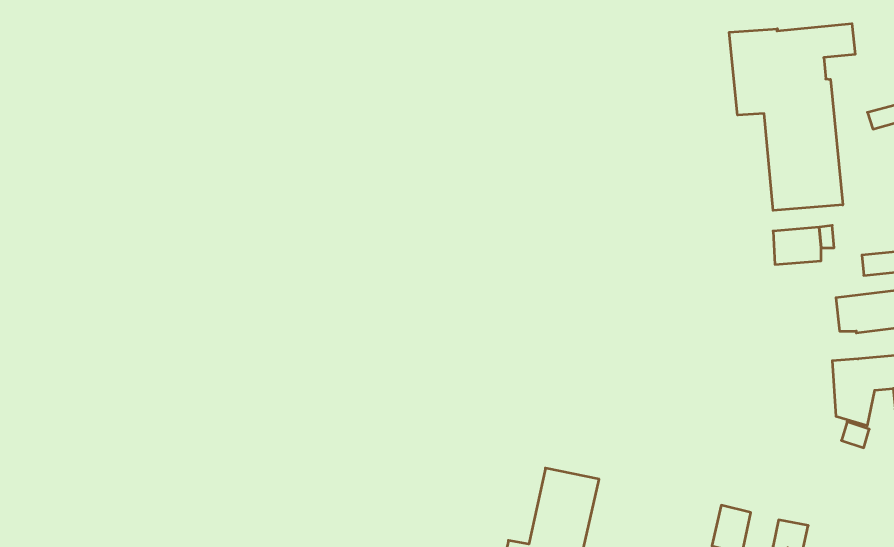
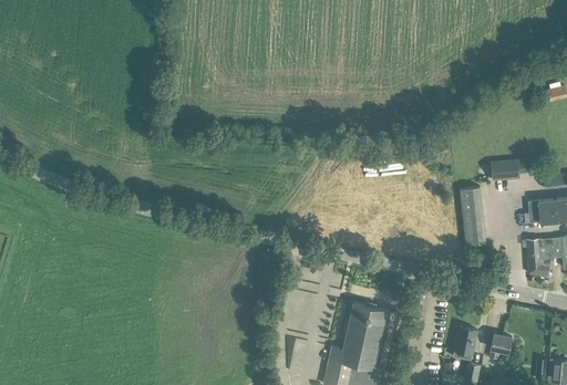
building: [729,24,855,210] -> none
building: none -> [460,187,486,246]

